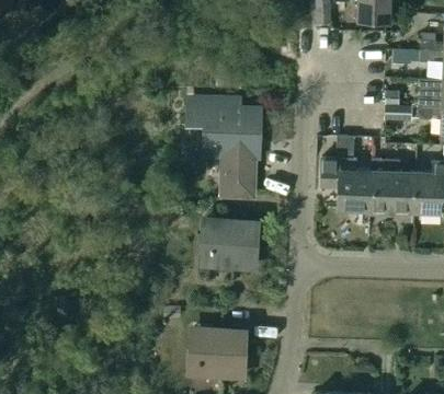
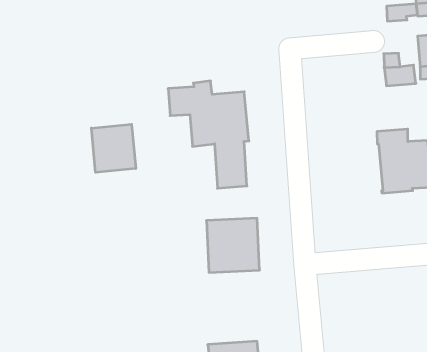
building: none -> [91,124,136,172]
building: [320,137,372,212] -> none

